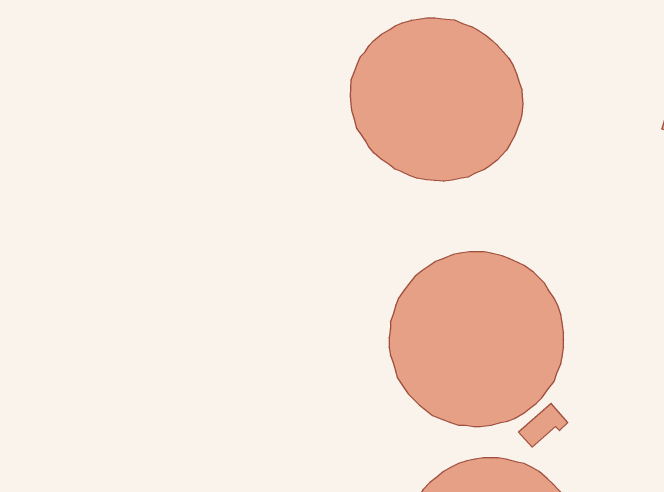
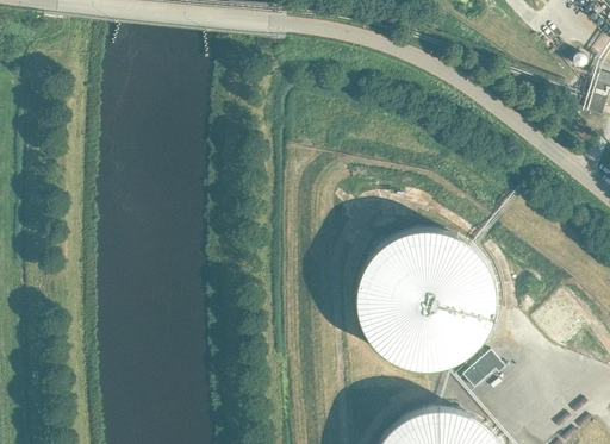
building: [351,18,523,181] -> none

